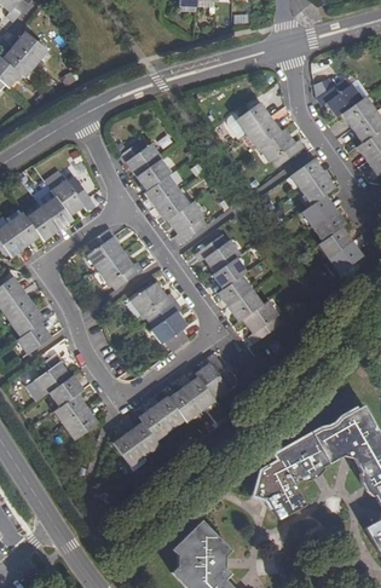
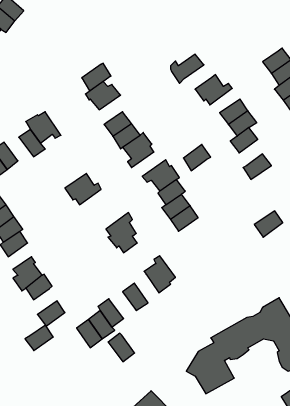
building: [316,79,360,116] -> none
building: [244,116,278,149] -> none
building: [139,154,175,188] -> [82,63,111,91]
building: [25,206,58,241] -> none
building: [312,208,346,241] -> [183,144,211,171]
building: [86,227,123,269] -> none
building: [327,241,362,273] -> [254,211,283,237]
building: [129,282,175,319] -> none
building: [241,300,279,345] -> none
building: [183,375,215,410] -> none
building: [52,393,87,425] -> [25,325,53,351]
building: [151,394,184,430] -> [108,333,135,362]

